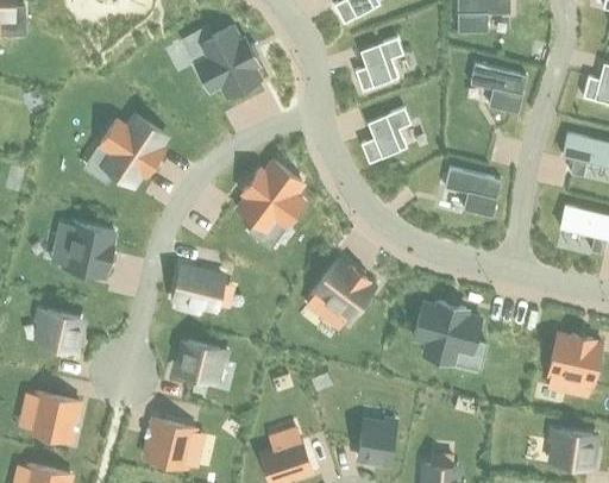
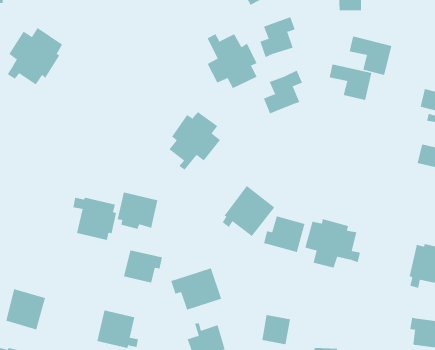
building: [194,26,259,98] -> [207,33,257,89]
building: [95,112,168,187] -> [7,27,63,85]
building: [445,170,501,218] -> [329,64,372,101]
building: [57,222,114,278] -> [72,197,117,241]
building: none -> [263,215,305,253]
building: [34,307,80,351] -> none
building: none -> [170,267,222,310]

